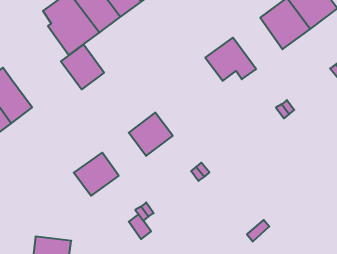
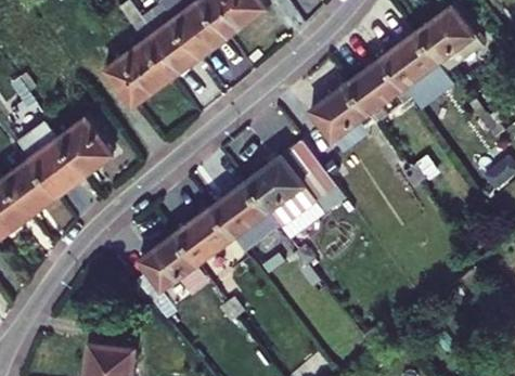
building: none -> [346,59,411,126]
building: [61,44,104,89] -> [57,117,114,176]
building: none -> [245,141,336,229]
building: none -> [176,208,233,264]

